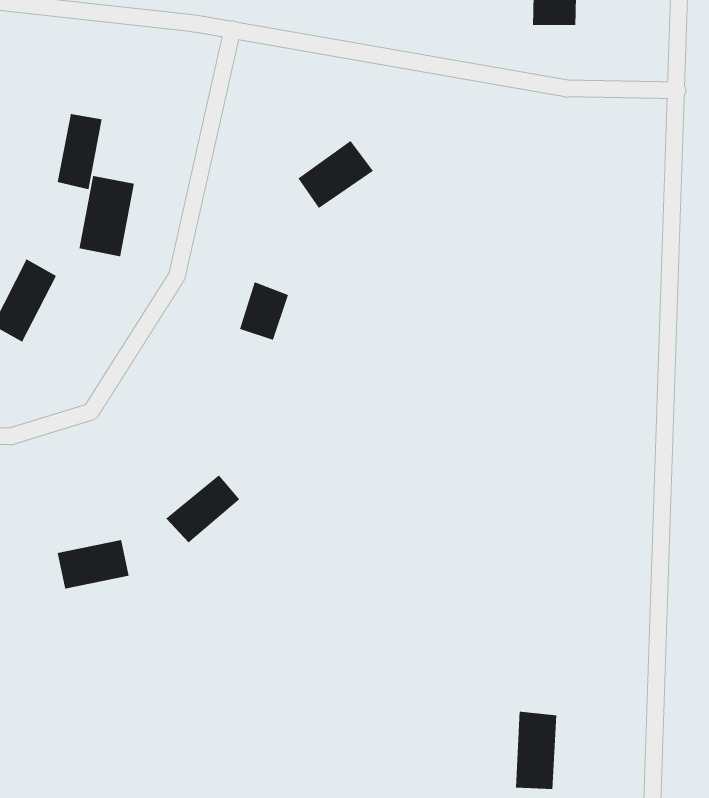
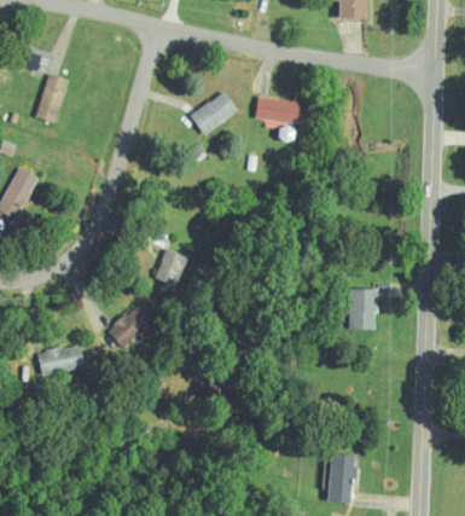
building: none -> [254,95,300,124]
building: [79,175,134,257] -> none
building: [239,281,289,341] -> [155,249,186,286]
building: none -> [348,289,377,330]

